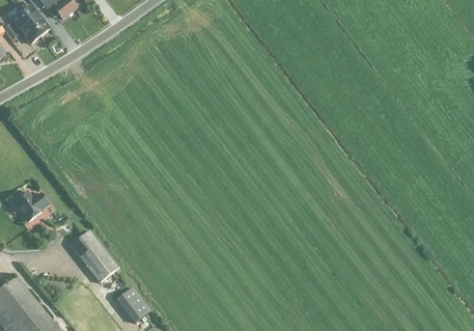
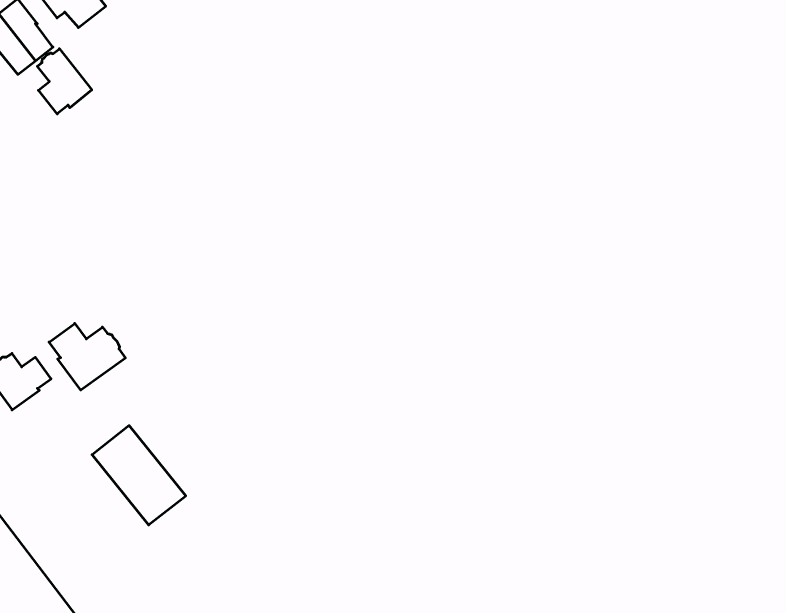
building: none -> [37,49,92,114]
building: none -> [49,323,125,390]
building: [114,287,147,323] -> none

